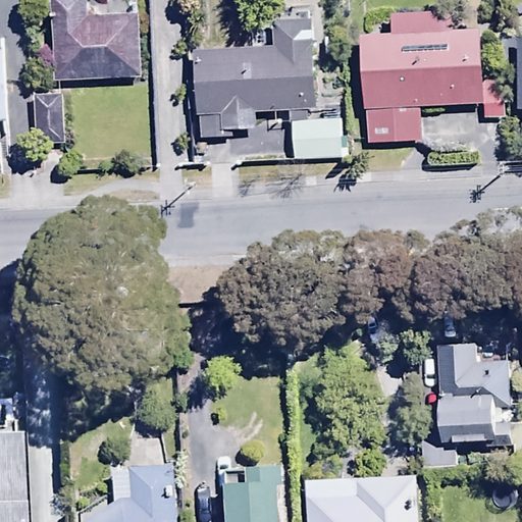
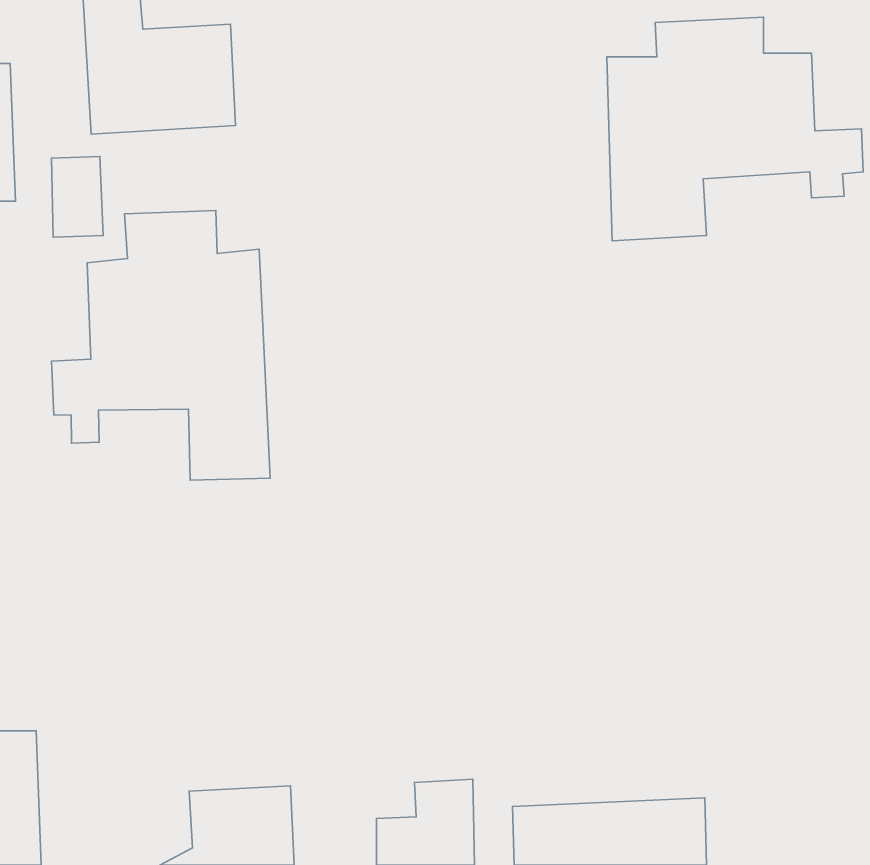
building: [181,19,340,159] -> none
building: none -> [52,211,270,480]
building: [437,343,508,446] -> none

